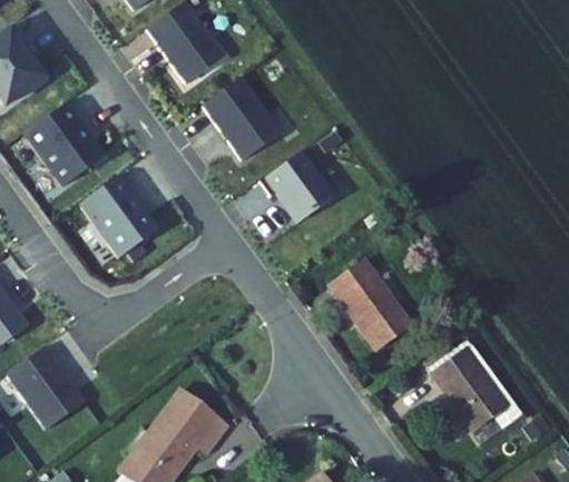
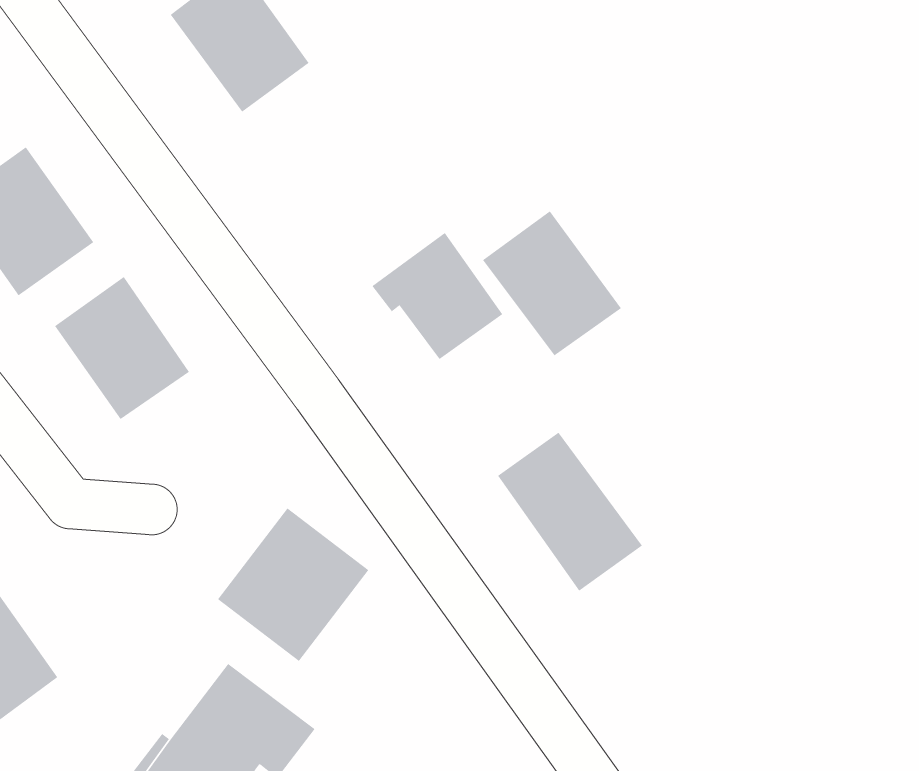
building: [203,77,281,158] -> [482,210,622,356]
building: none -> [217,507,369,662]
building: [428,341,521,431] -> none

